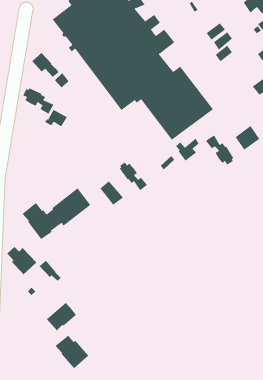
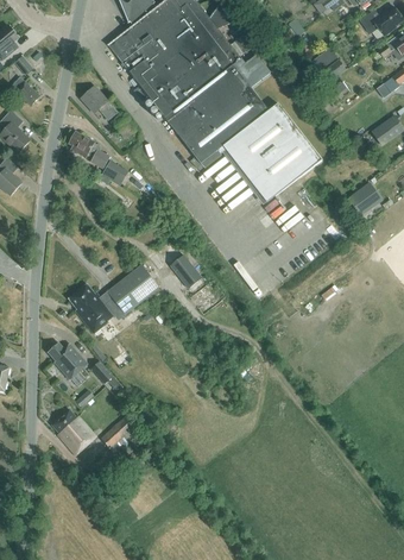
building: [205,135,234,165] -> none
building: [119,162,148,191] -> none
building: [55,335,89,369] -> [51,409,96,454]

